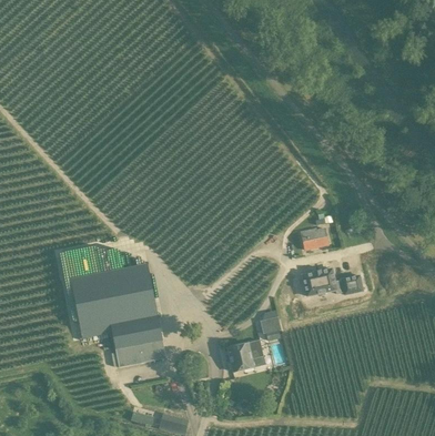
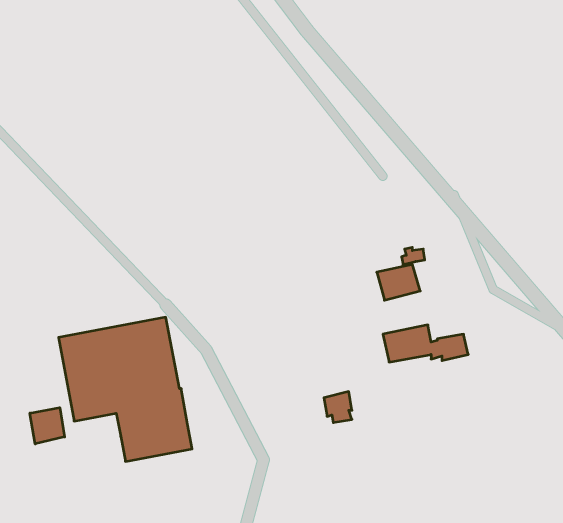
building: none -> [30,408,65,444]
building: [226,339,263,371] -> none

